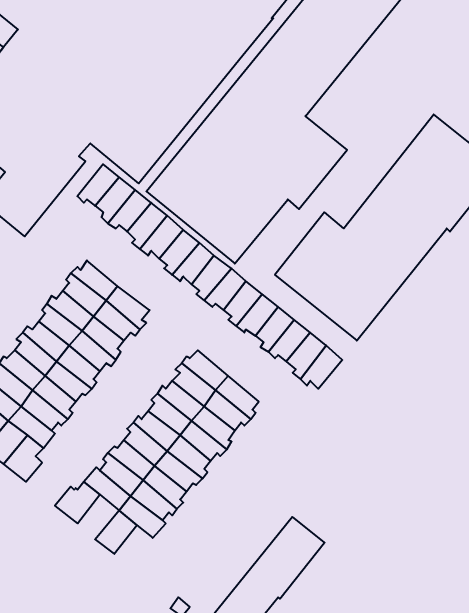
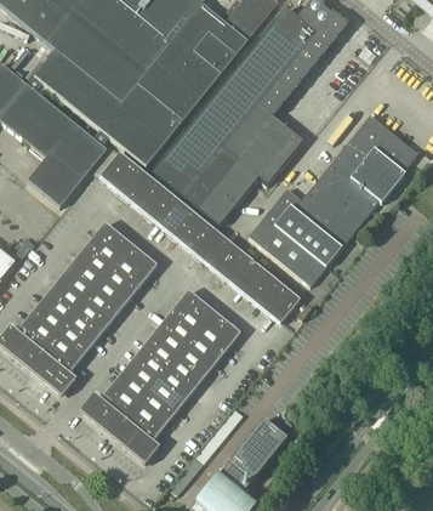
building: none -> [99,402,131,436]
building: none -> [127,425,159,461]

